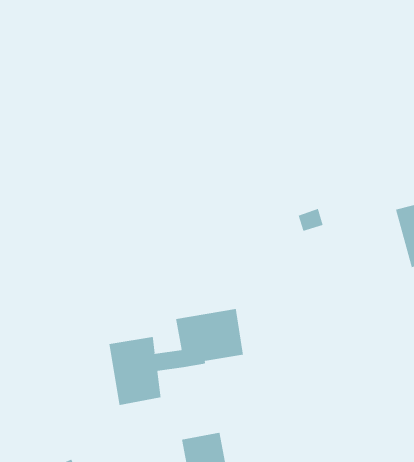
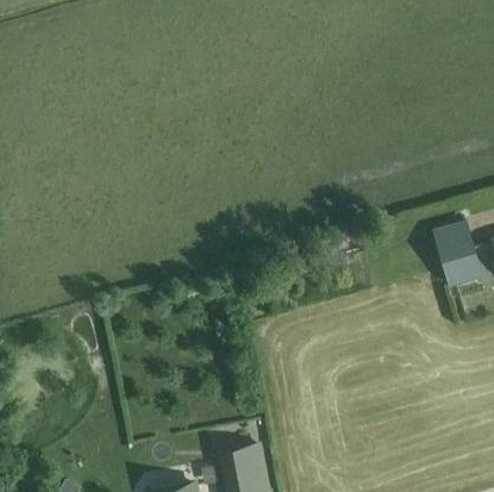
building: [109,308,243,406] -> none

